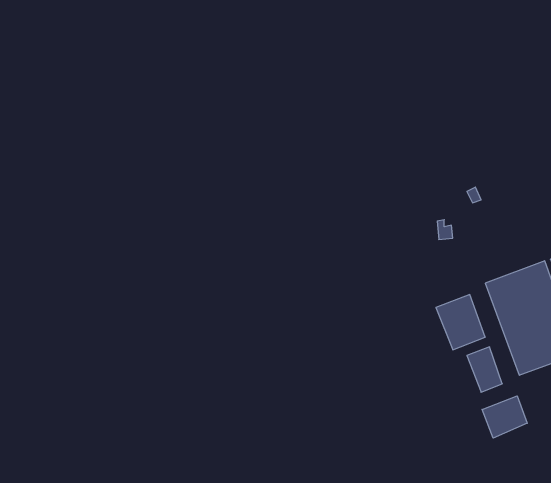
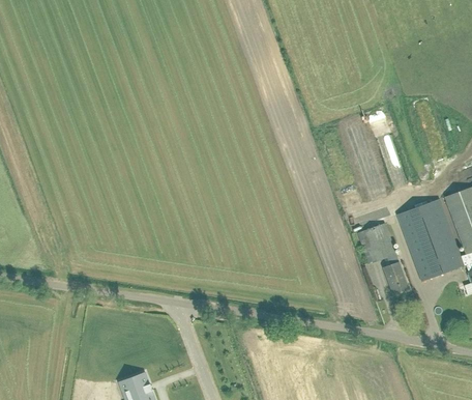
building: [482,396,527,438] -> none

